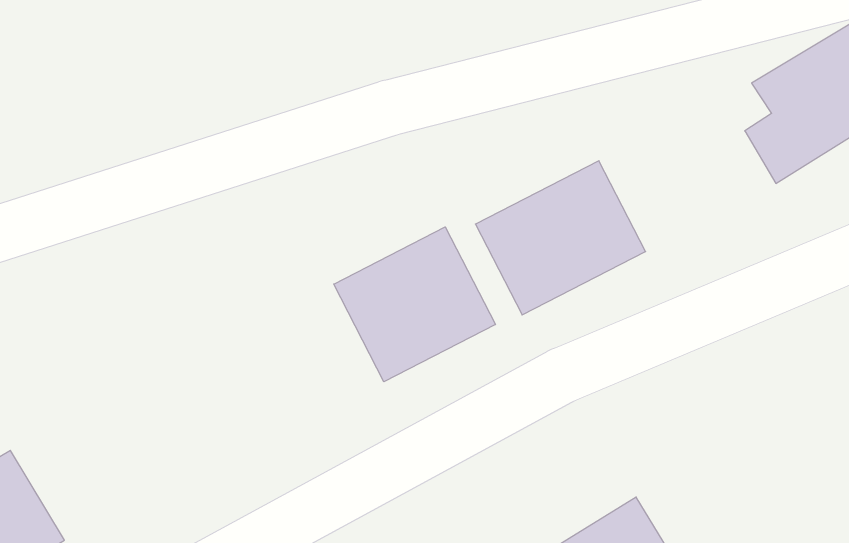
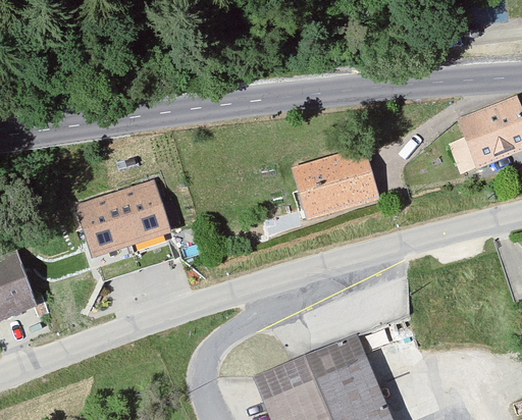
building: [334,227,495,382] -> none
building: none -> [74,177,170,258]

